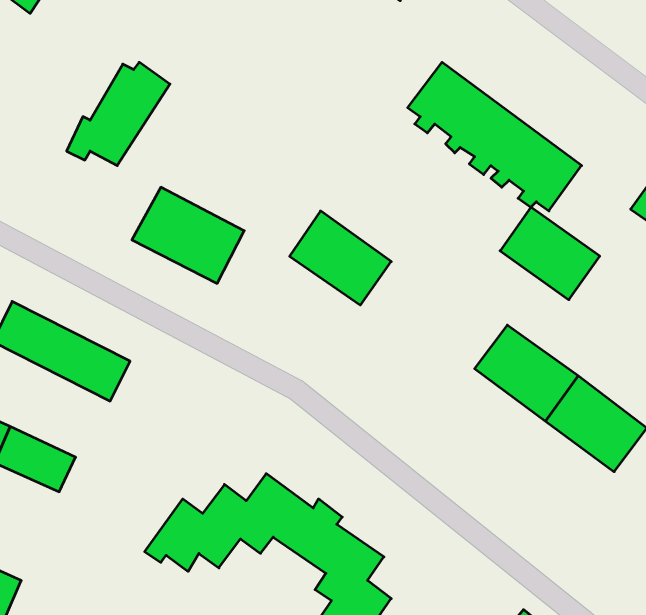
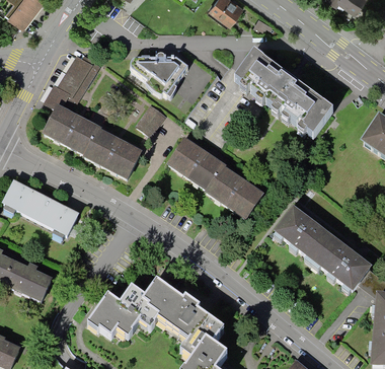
building: none -> [130,53,187,93]
building: none -> [139,103,167,133]
building: none -> [43,105,97,155]
building: [500,207,600,300] -> [209,167,264,219]

